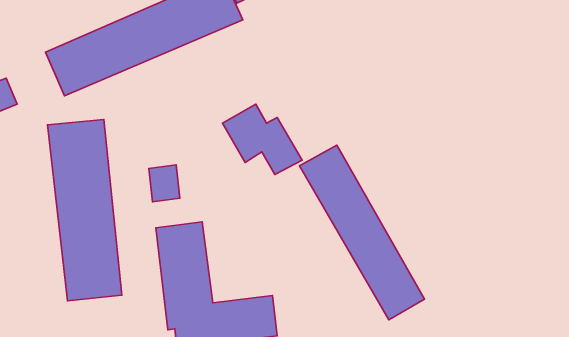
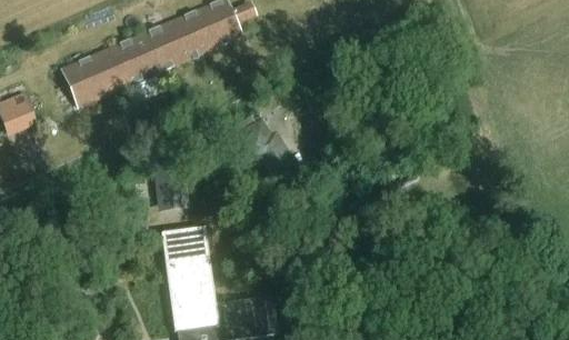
building: [48,119,122,301] -> none
building: [300,145,425,320] -> none

